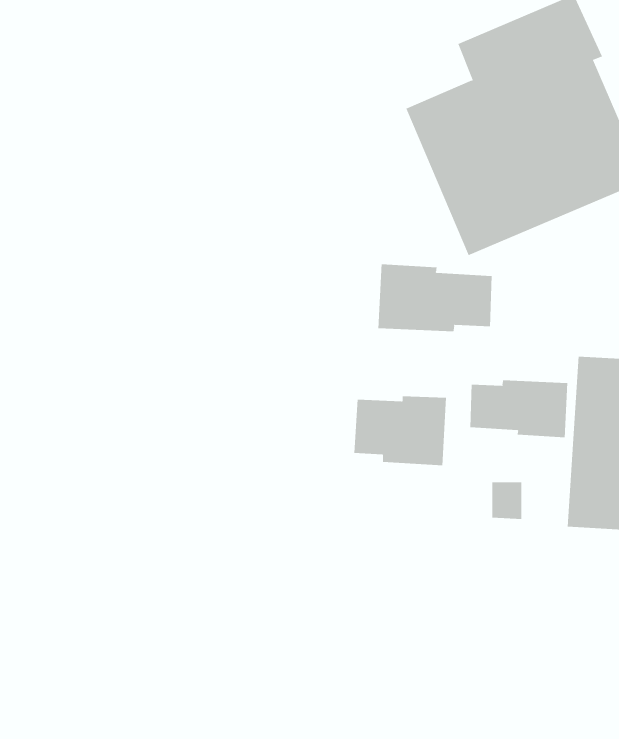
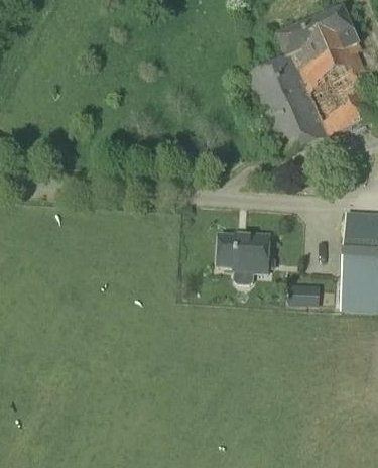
building: [378,263,492,332] -> none
building: [470,379,568,438] -> none

